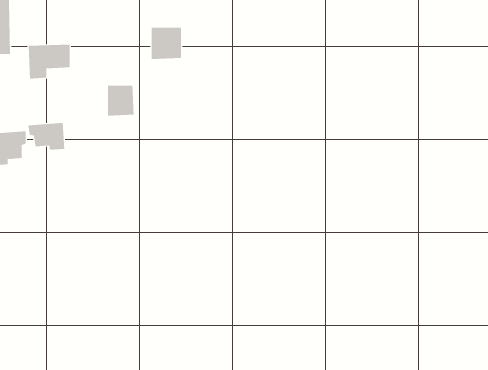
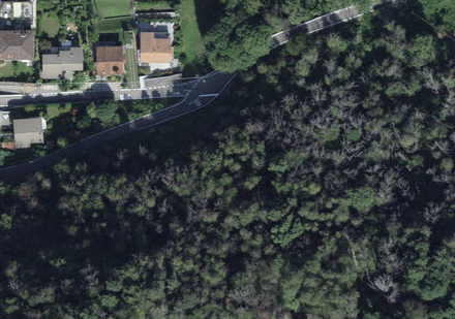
building: [107,85,134,116] -> [99,47,121,72]
building: [28,122,65,151] -> none

